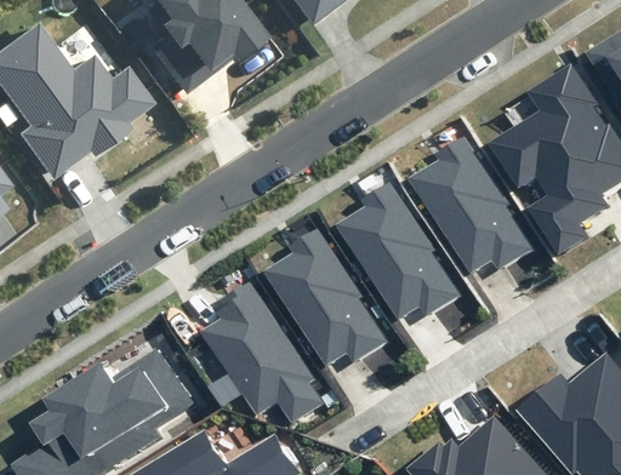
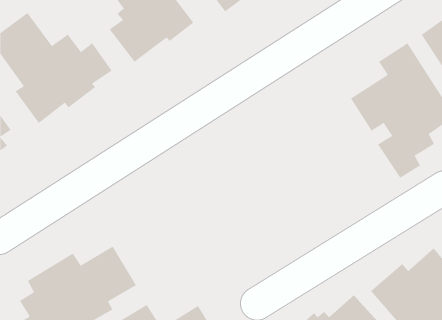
building: [409,138,531,275] -> none
building: [337,182,461,319] -> none
building: [264,229,388,366] -> none
building: [200,280,323,423] -> none

